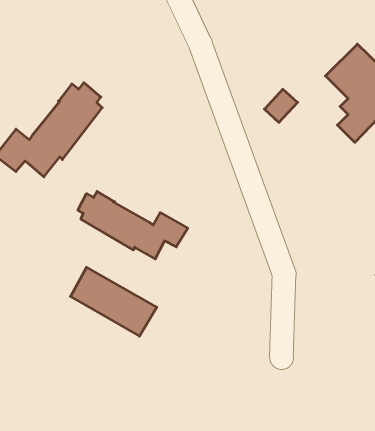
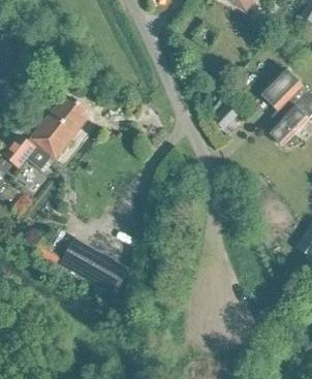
building: [78,191,188,259] -> none

